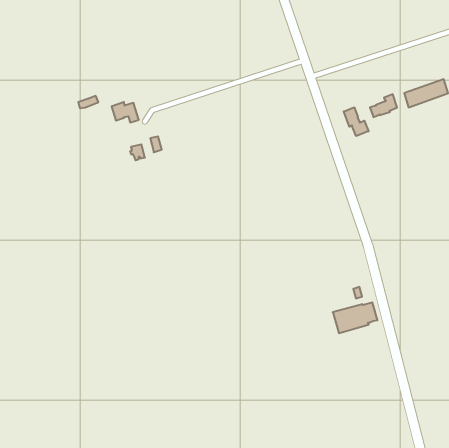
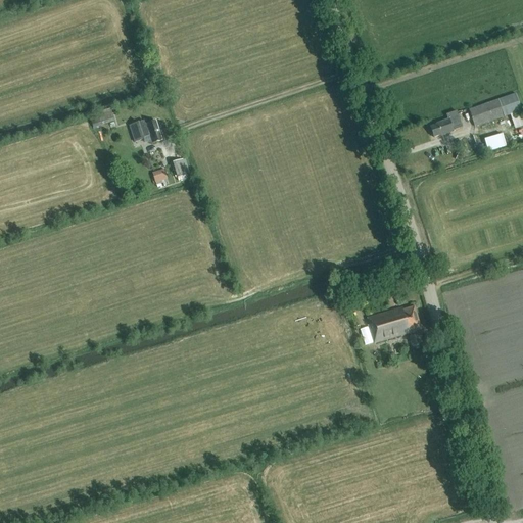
building: [344,107,369,136] -> none
building: [333,302,378,333] -> [368,305,420,341]

